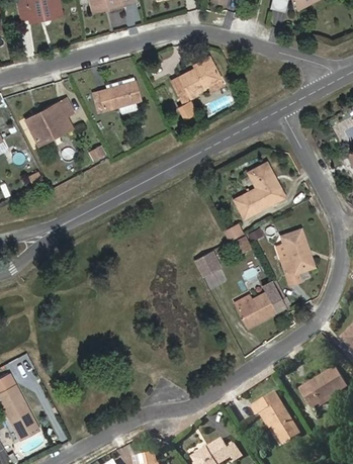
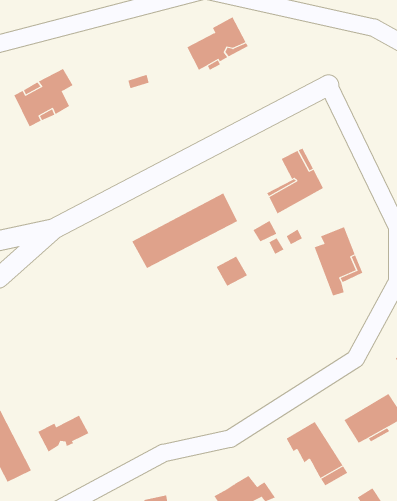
building: [91,77,138,109] -> none
building: none -> [131,192,238,269]
building: [237,282,285,329] -> none
building: none -> [37,415,89,452]

